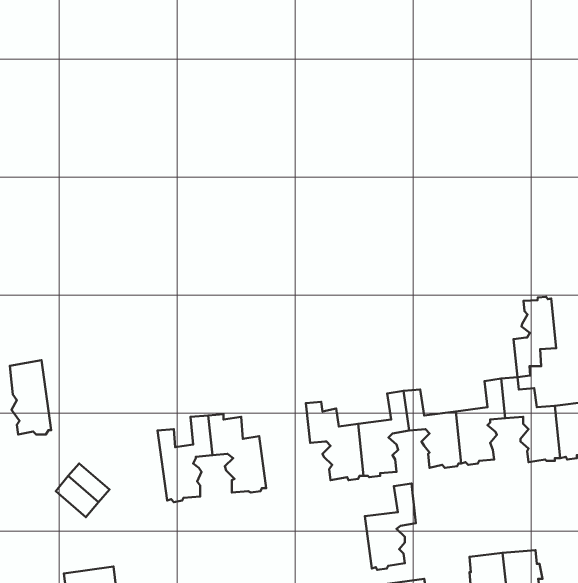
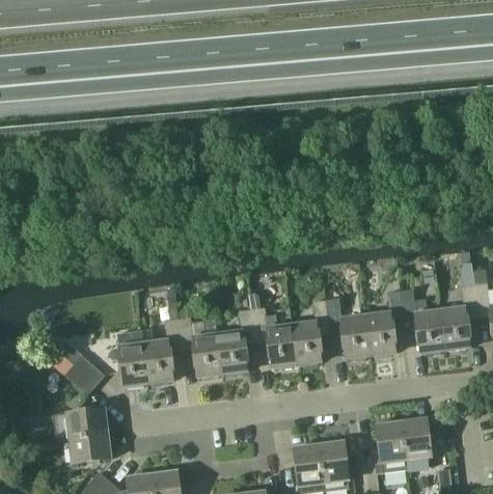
building: [514,297,556,377] -> none
building: [10,360,51,434] -> [117,329,148,385]
building: [365,483,416,570] -> [218,308,256,374]
building: none -> [53,407,108,439]

